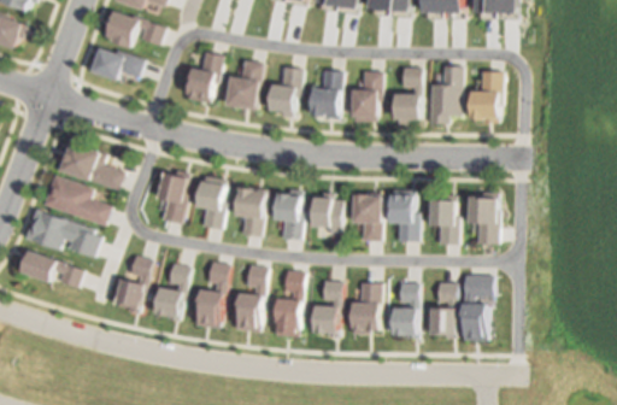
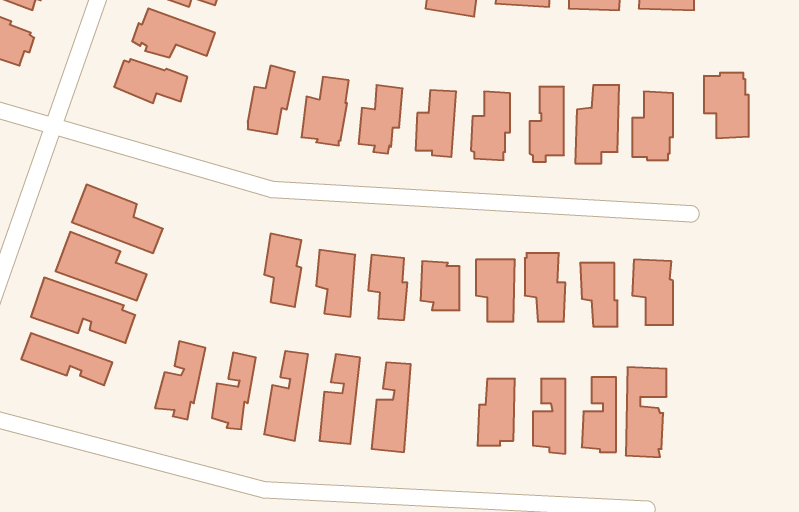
building: none -> [704,73,749,138]
building: [155,171,186,224] -> none
building: [316,281,343,338] -> none

